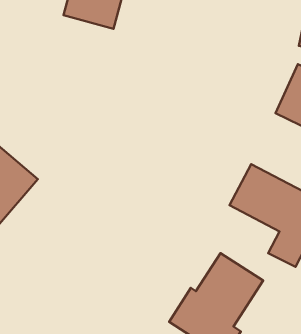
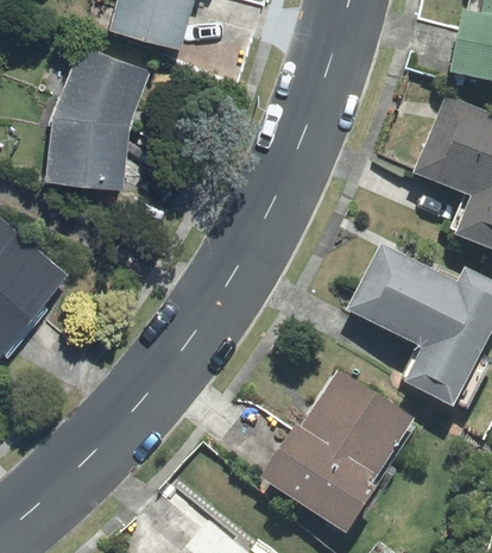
building: none -> [45,42,153,187]

